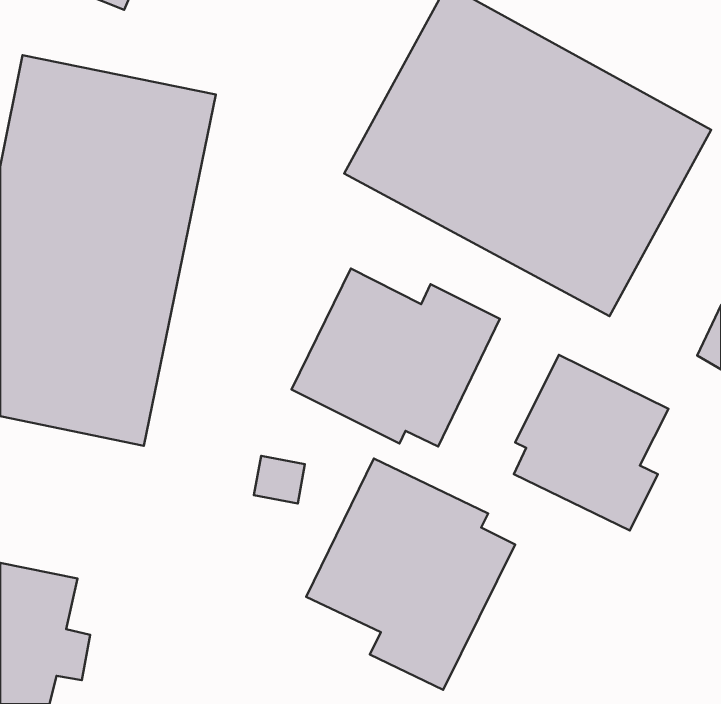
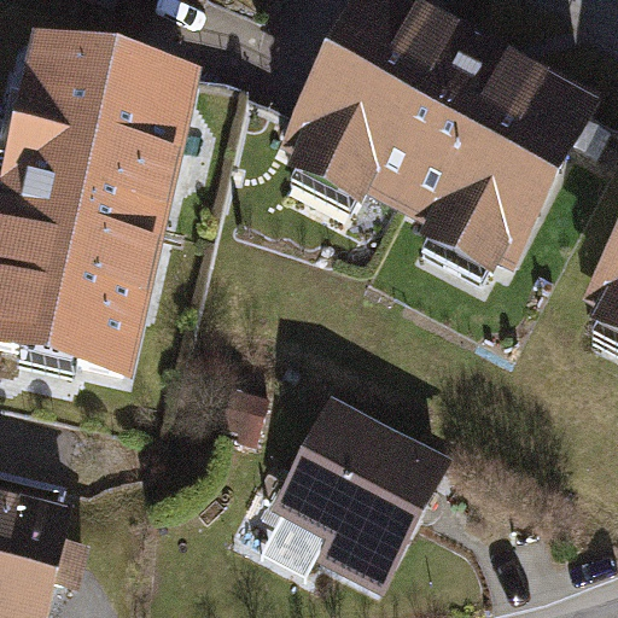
building: [291,268,500,447] -> none
building: [514,355,669,530] -> none

